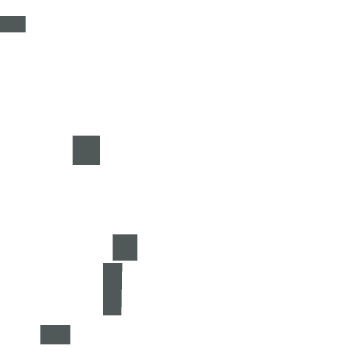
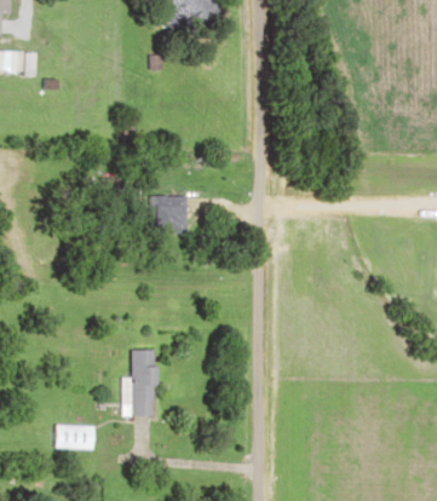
building: [72,135,101,166] -> [151,195,186,232]
building: [112,233,138,262] -> none

